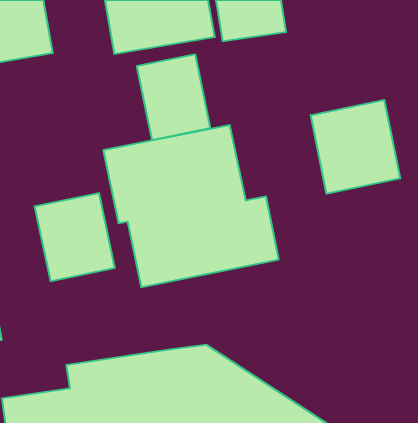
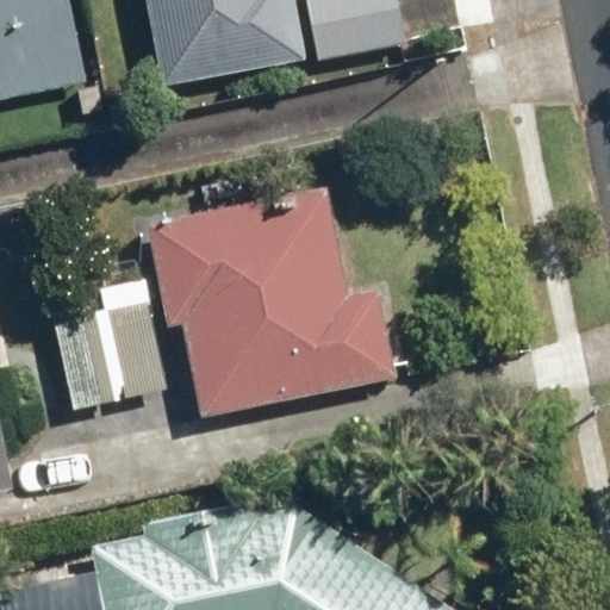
building: [137,54,210,140] -> none
building: [311,100,400,194] -> none

